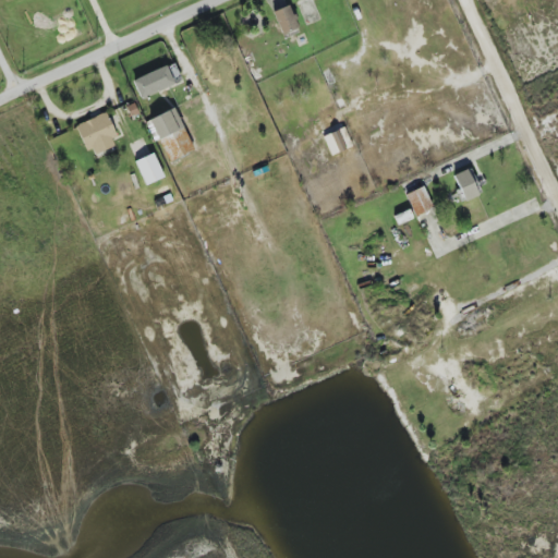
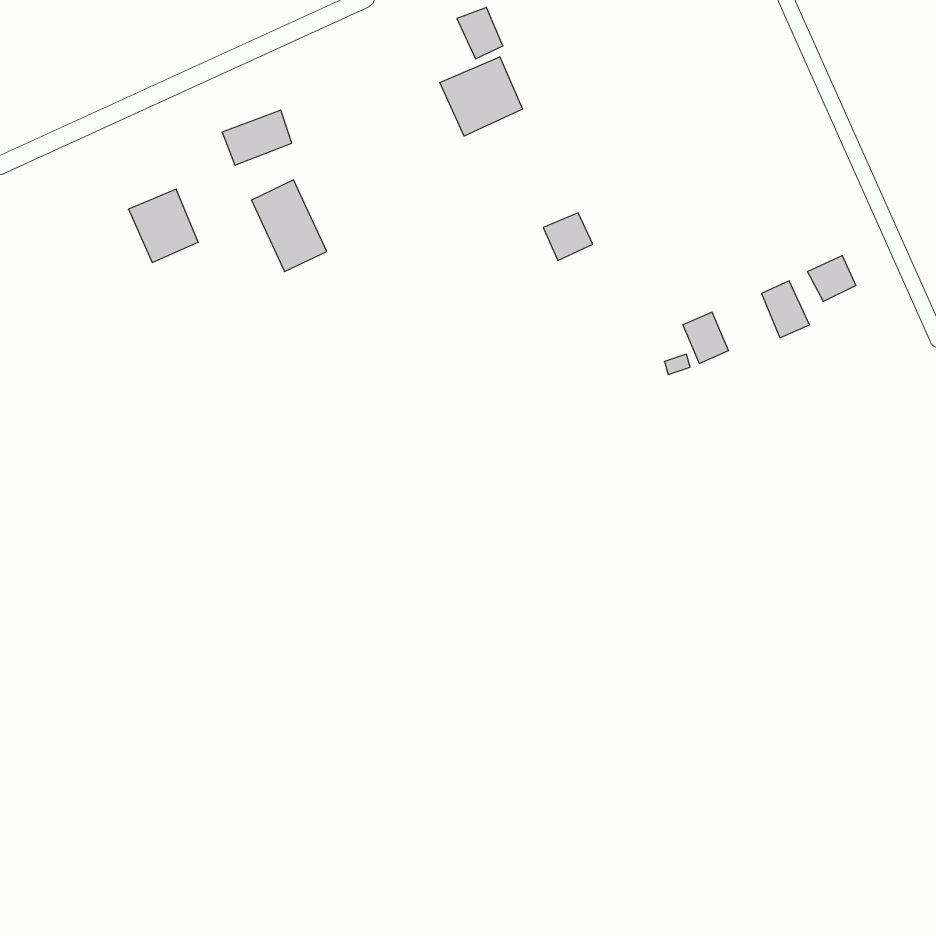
building: none -> [440,57,523,136]
building: none -> [808,256,856,302]
building: [135,153,165,184] -> none

